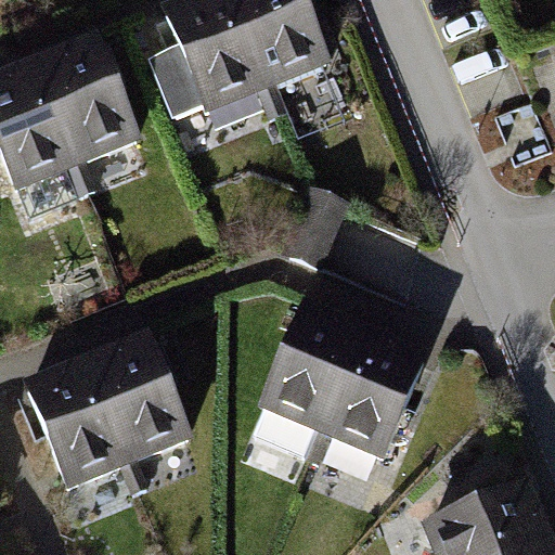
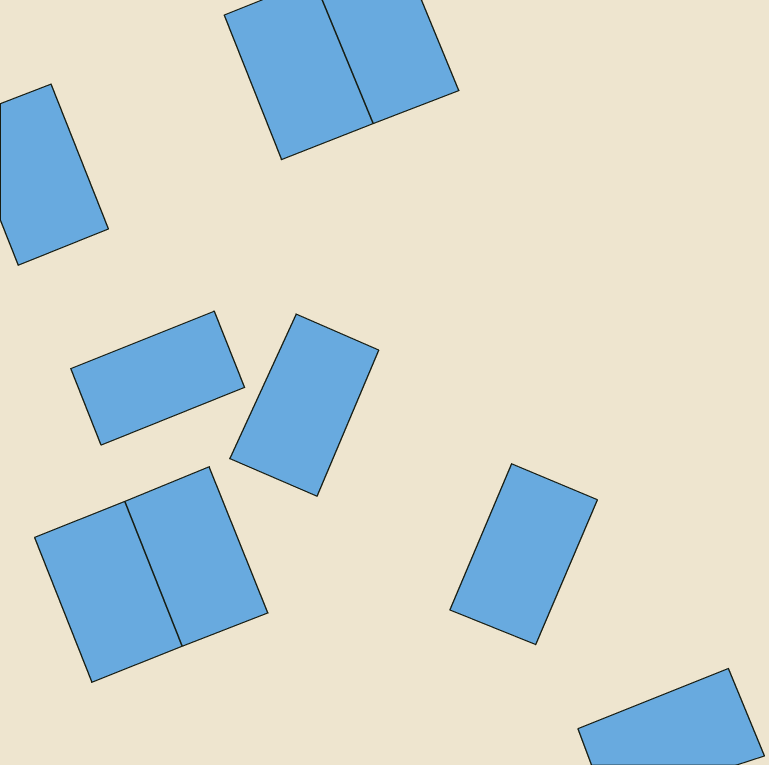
building: [37,36,140,165] -> none
building: none -> [71,311,244,445]
building: [261,308,369,439] -> [230,314,379,496]

